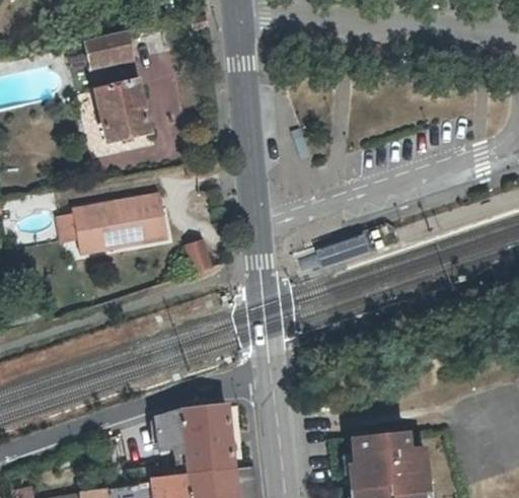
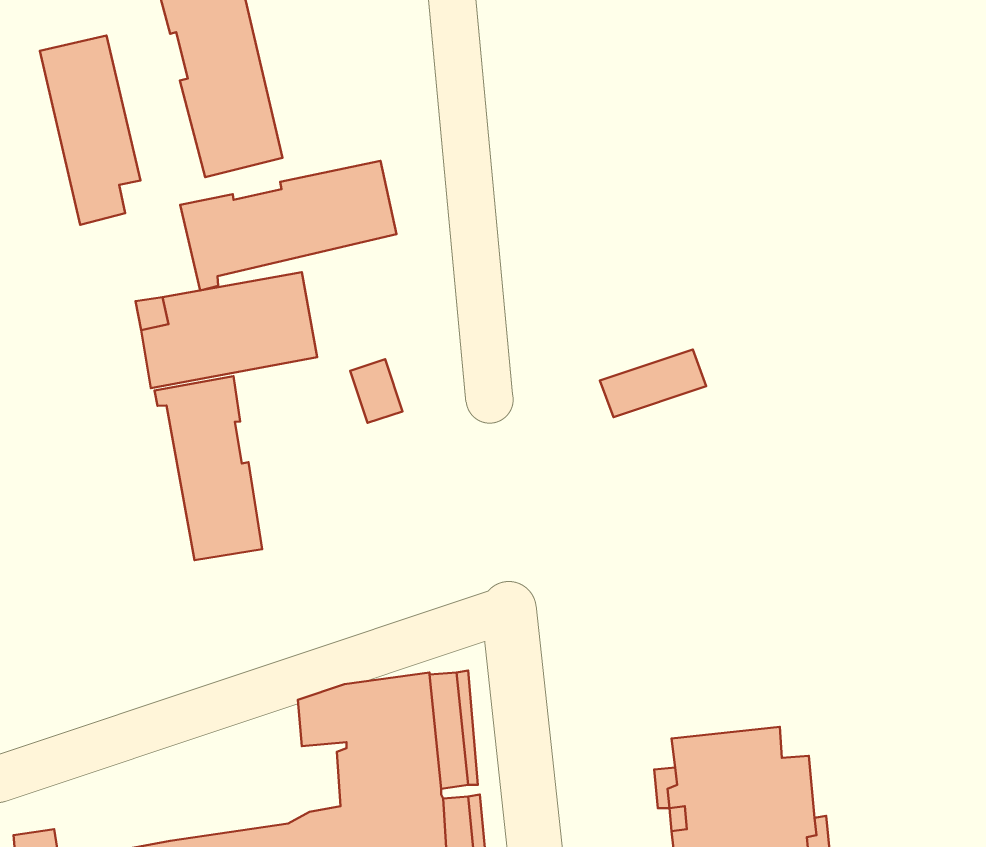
building: none -> [40,35,141,225]
building: none -> [180,161,397,290]
building: none -> [154,376,262,560]

